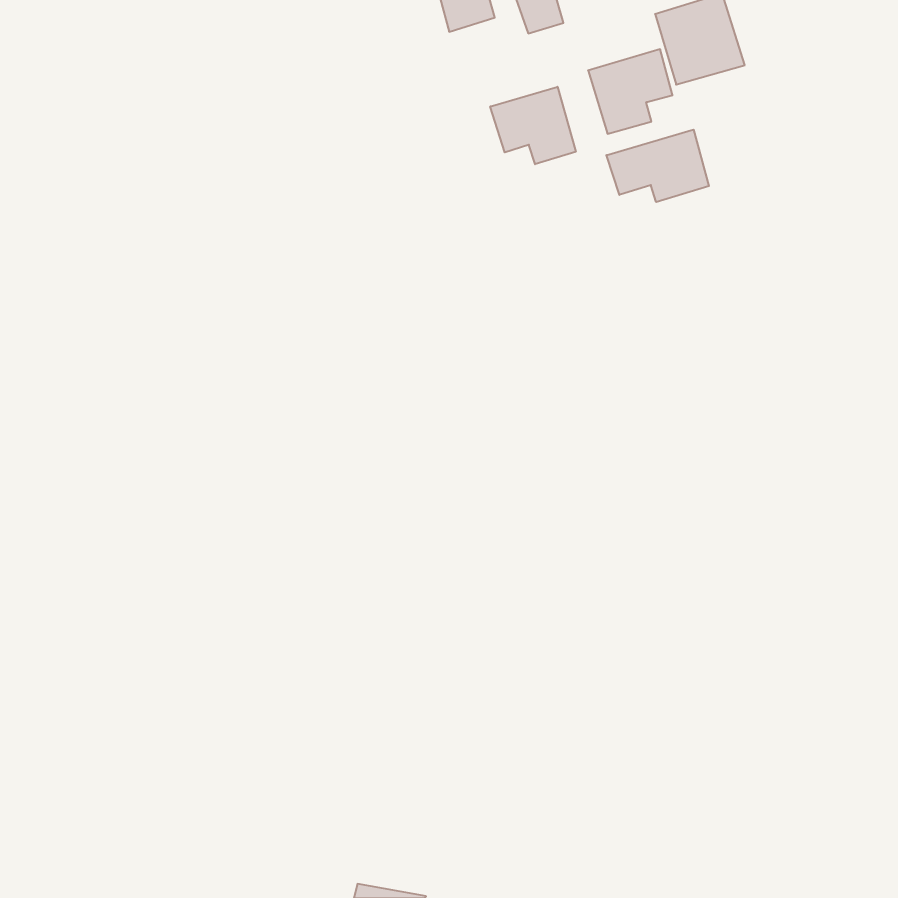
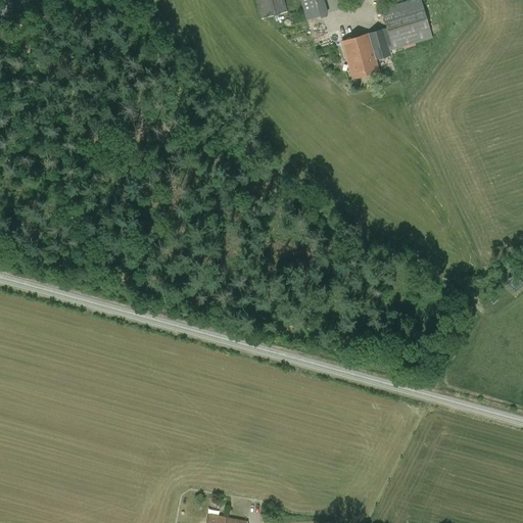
building: [490,87,576,164] -> none
building: [606,130,709,202] -> none

